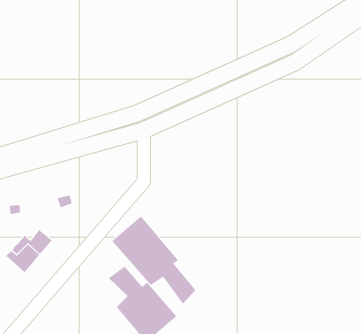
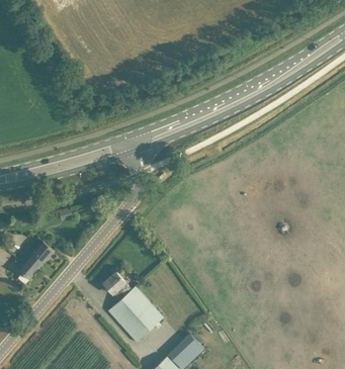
building: [112,216,196,304] -> none

